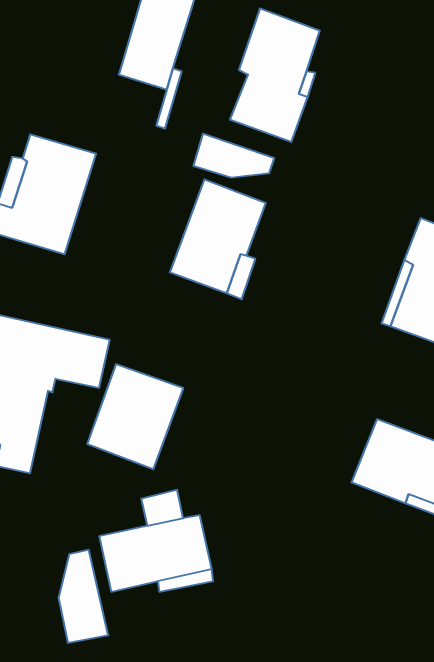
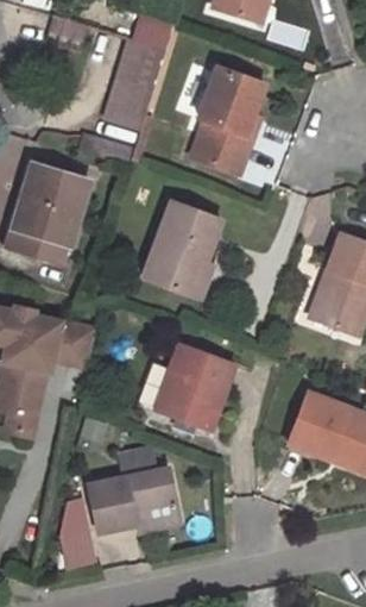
building: [193,134,274,178] -> none
building: [87,364,183,469] -> [157,345,233,428]

